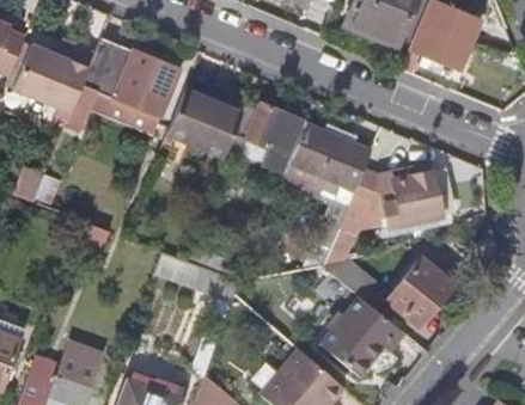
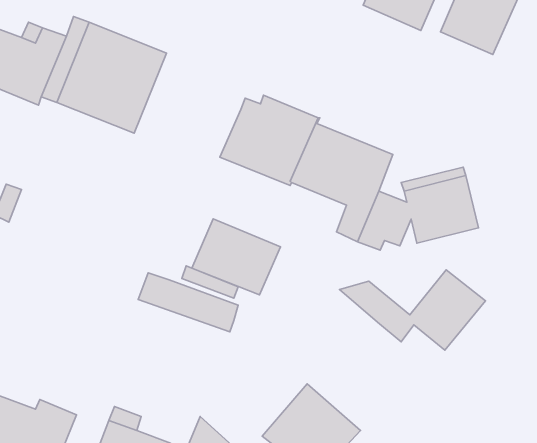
building: [167,90,243,154] -> [192,219,281,295]
building: [322,294,405,374] -> none

